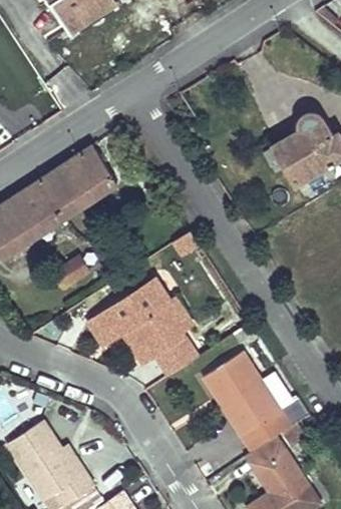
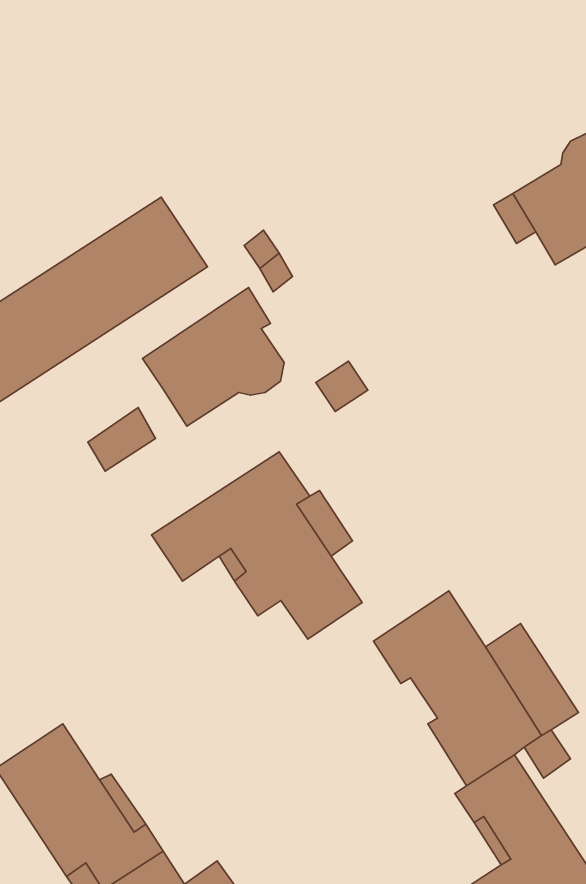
building: none -> [143,287,284,426]

